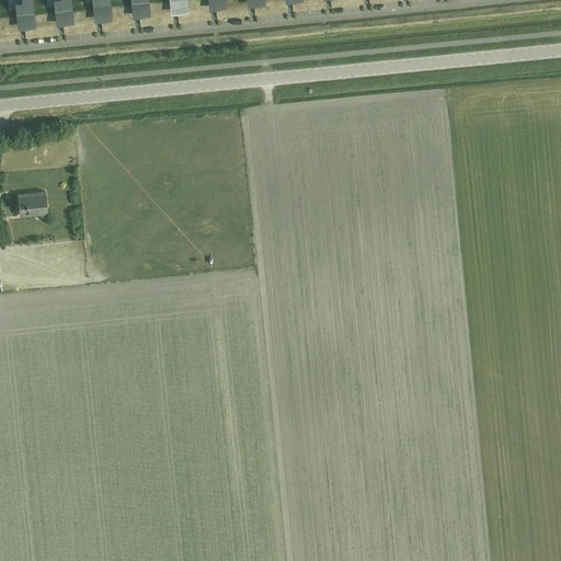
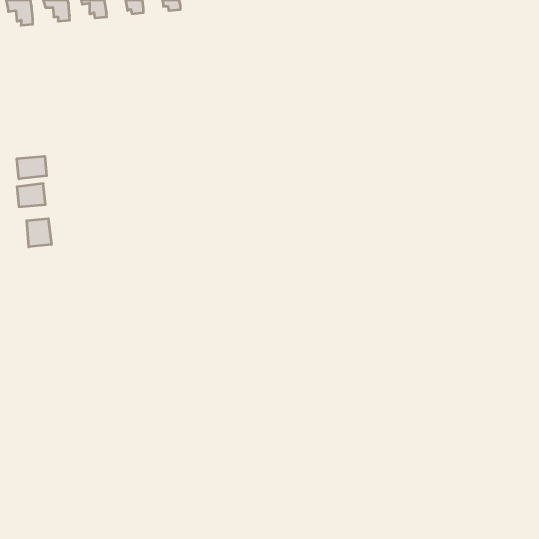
building: none -> [17,156,47,179]
building: none -> [27,219,51,247]

